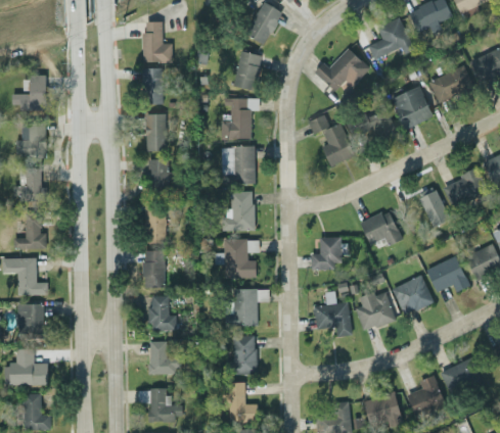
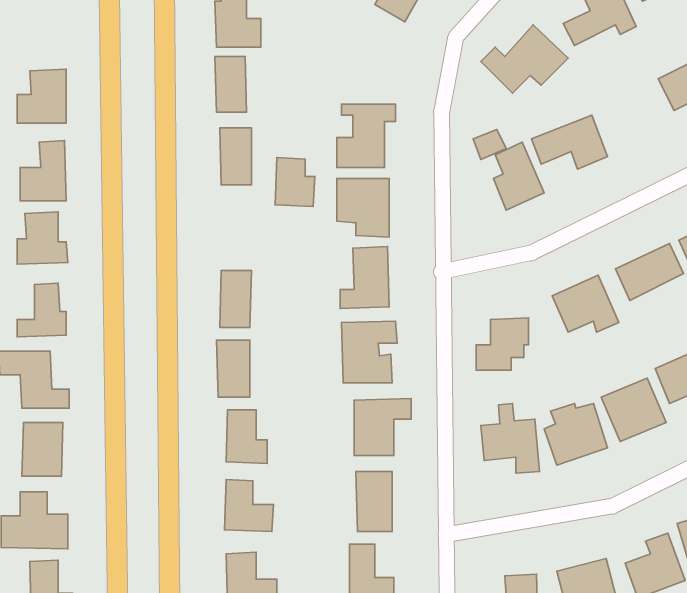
building: [234,52,262,91] -> none
building: [391,86,434,130] -> none
building: [148,159,174,191] -> [275,157,315,207]

